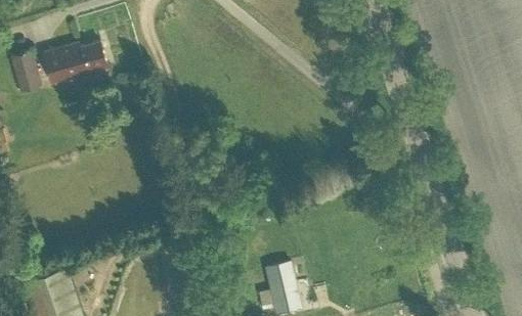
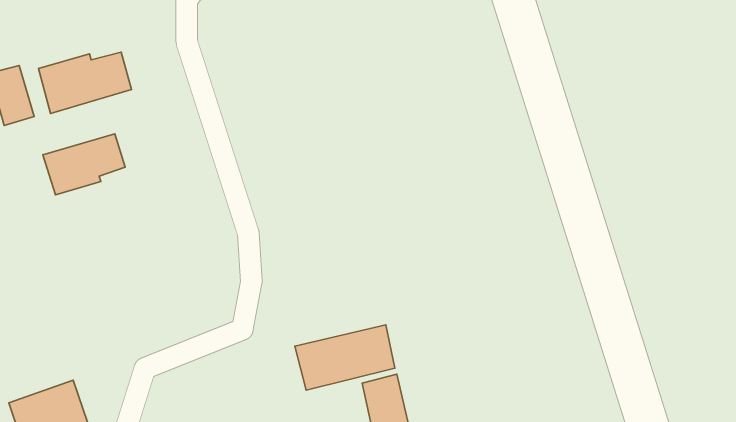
building: none -> [43,134,125,195]
building: none -> [295,325,395,390]

